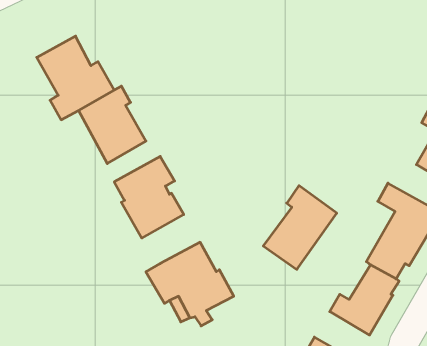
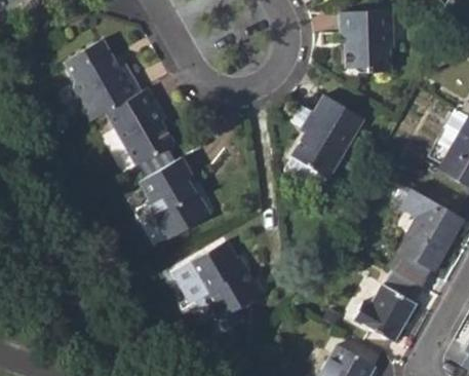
building: none -> [340,8,391,69]
building: [263,186,337,269] -> [289,91,363,176]

